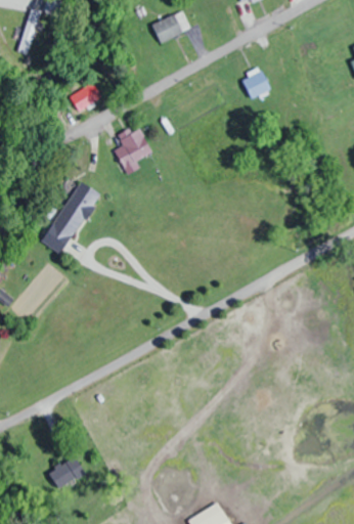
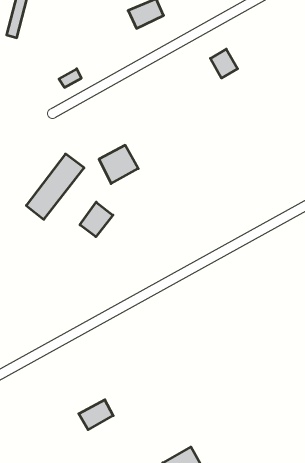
building: [109,128,152,170] -> [99,145,138,184]
building: none -> [80,202,113,237]
building: [47,456,85,489] -> [79,400,113,430]

